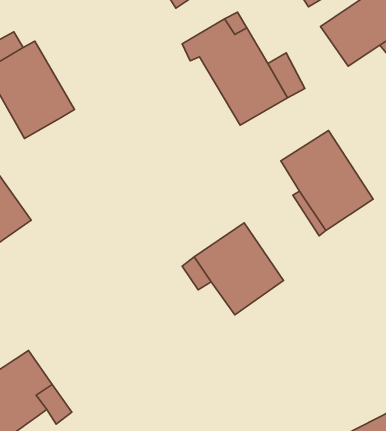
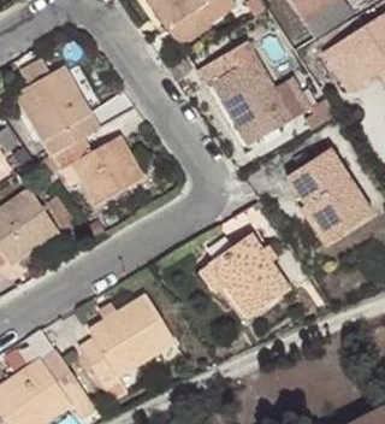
building: none -> [40,136,141,201]
building: none -> [79,296,172,399]

